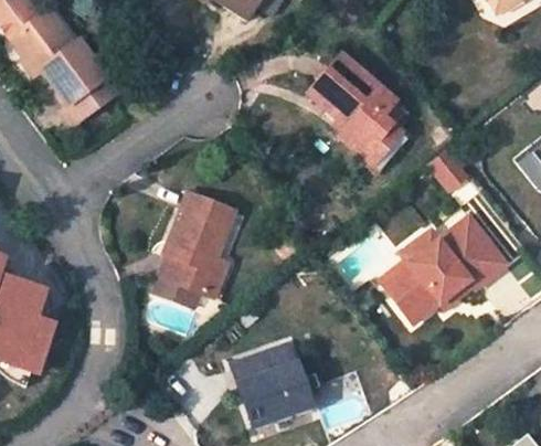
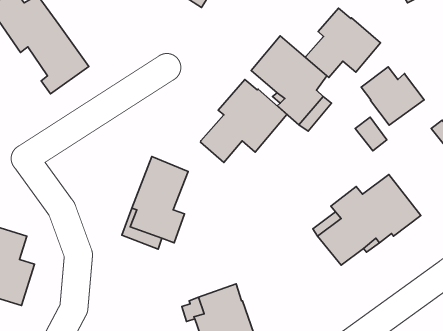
building: none -> [306,8,380,78]
building: none -> [361,67,424,125]
building: none -> [201,80,287,162]

